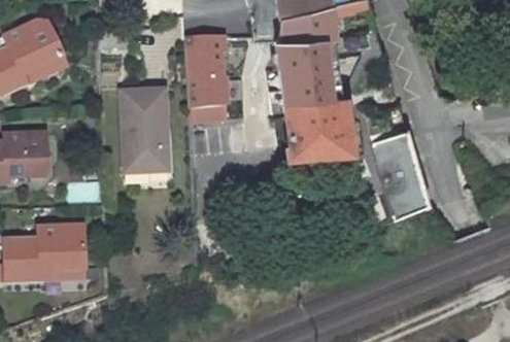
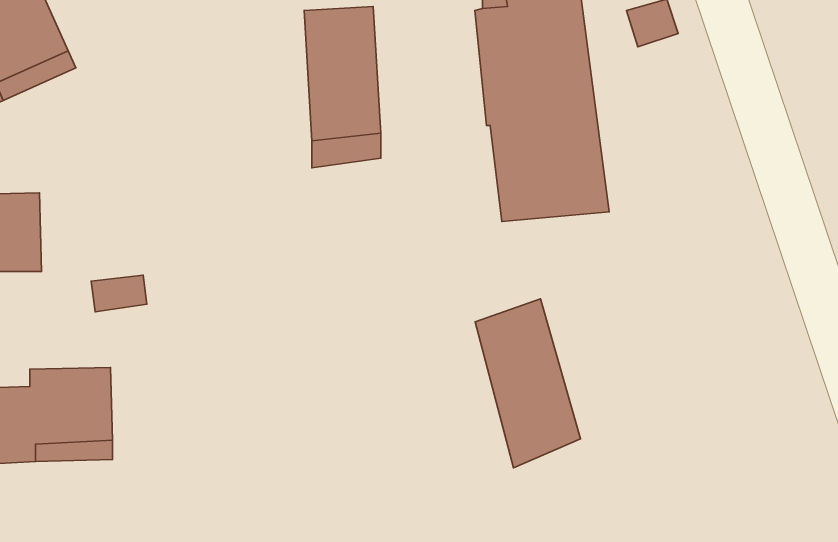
building: [122,81,166,164] -> none
building: [373,128,430,218] -> [475,299,581,468]

